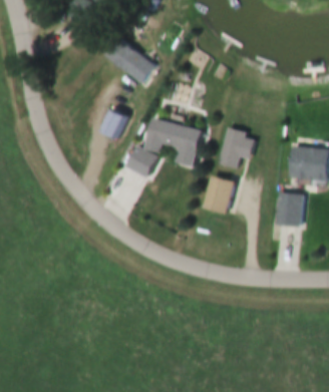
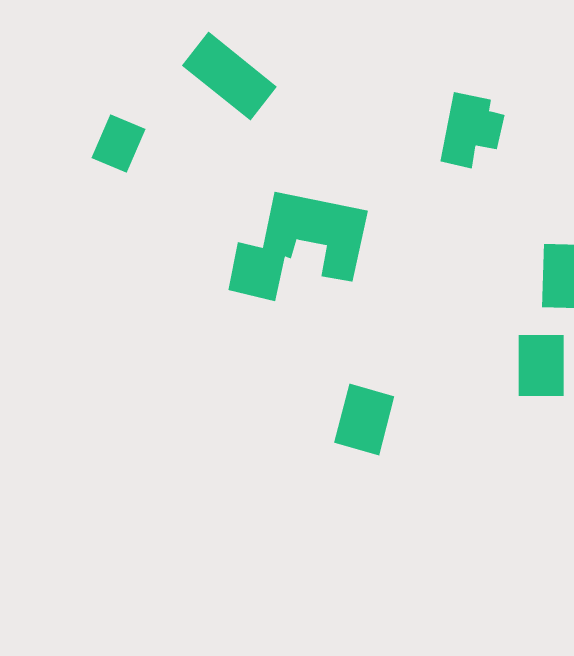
building: [99,109,128,140] -> [90,113,147,173]
building: [221,127,255,167] -> [439,92,505,169]
building: [203,175,235,214] -> [333,383,395,456]

